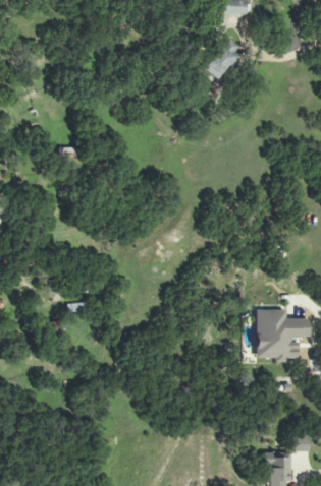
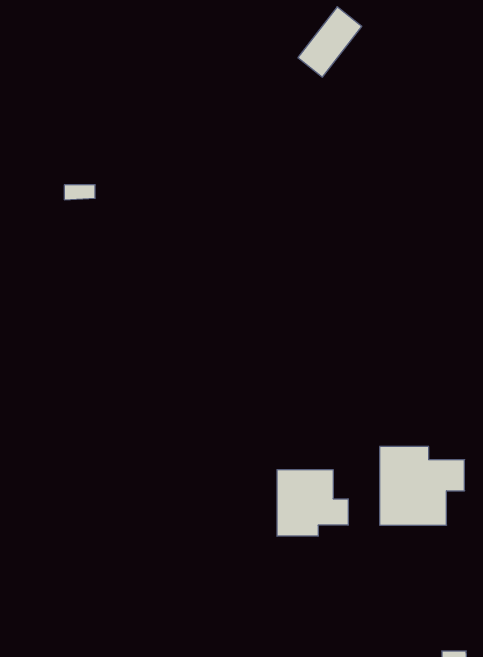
building: none -> [277,470,348,536]

